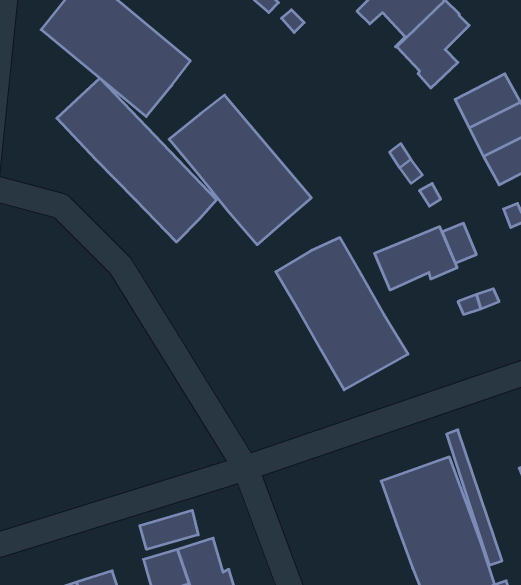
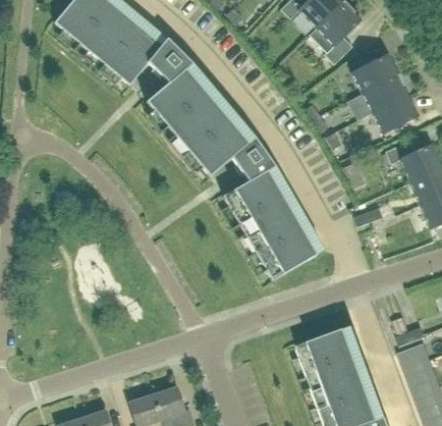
building: none -> [148,39,191,83]
building: [57,78,216,242] -> none
building: none -> [231,138,275,180]
building: [375,227,457,290] -> none
building: [140,510,198,549] -> none

